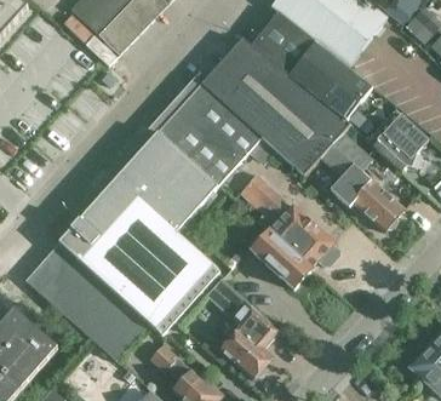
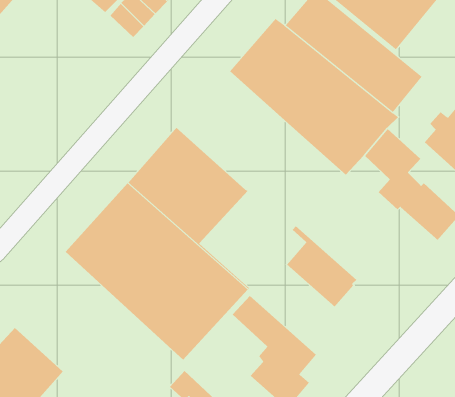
building: [156,81,262,185] -> none
building: [240,172,333,264] -> none
building: [27,240,149,359] -> none

